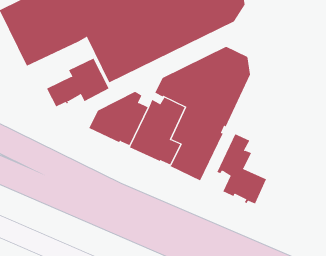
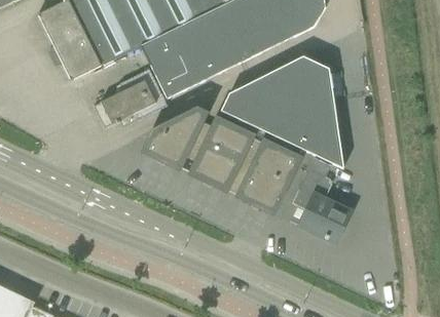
building: none -> [303,88,343,168]

